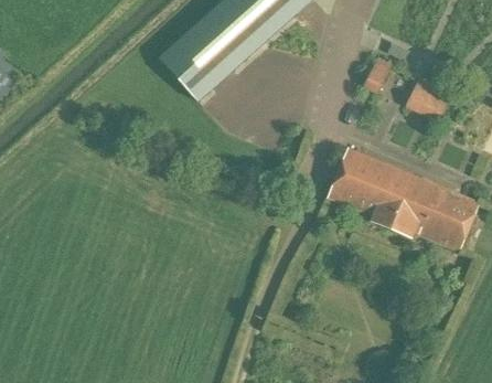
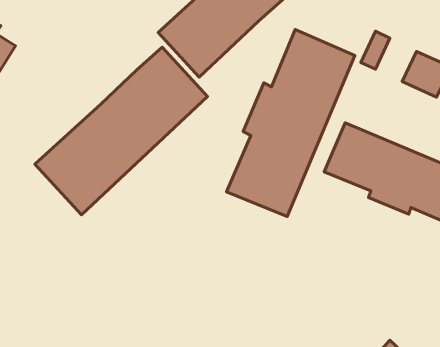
building: none -> [226,30,355,217]
building: none -> [35,47,208,215]

